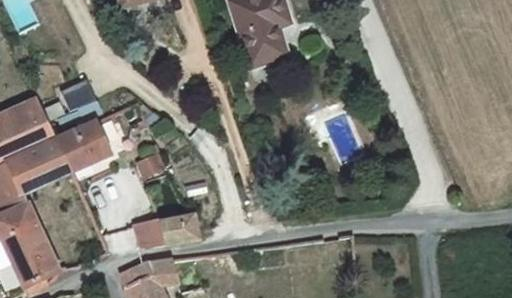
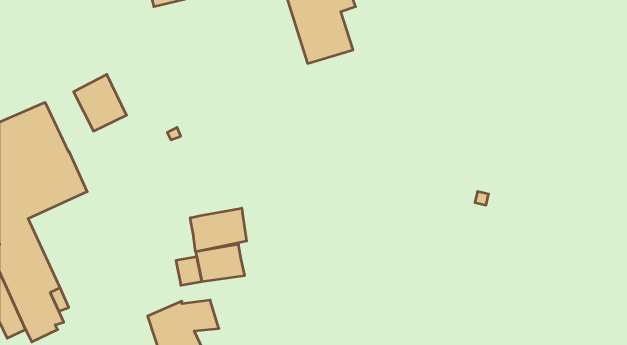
building: [56,121,110,171] -> none
building: none -> [190,208,247,252]

